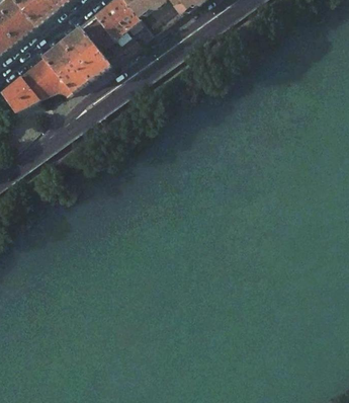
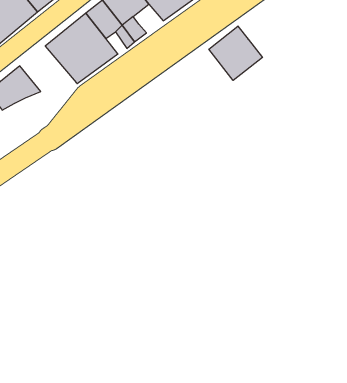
building: none -> [209,26,262,80]
building: [21,57,73,98] -> none

